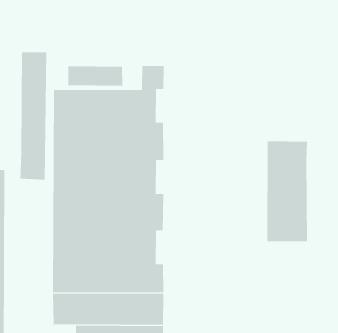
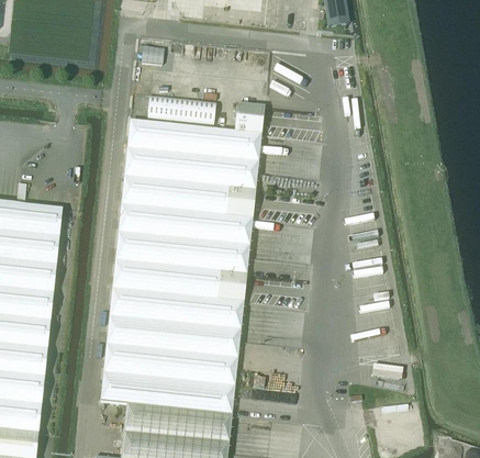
building: [20,52,47,180] -> none
building: [267,141,308,242] -> none

